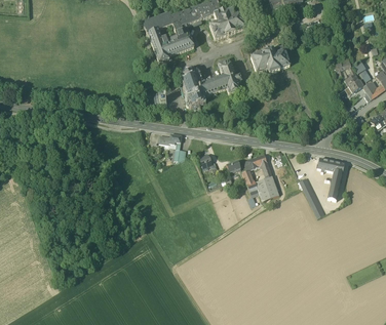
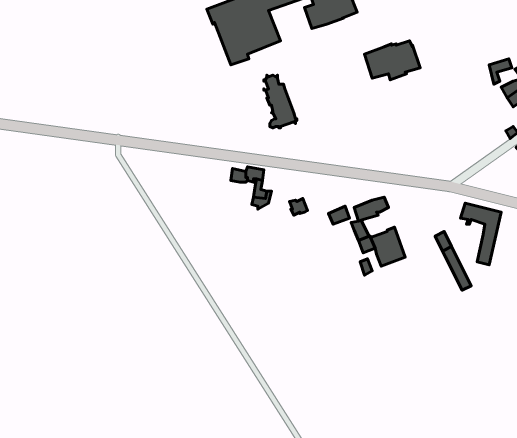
building: [196,57,241,95] -> none

